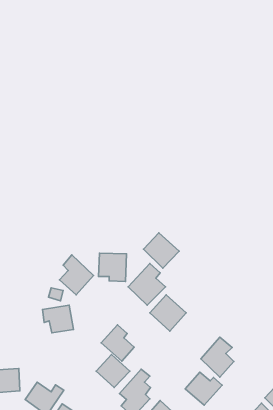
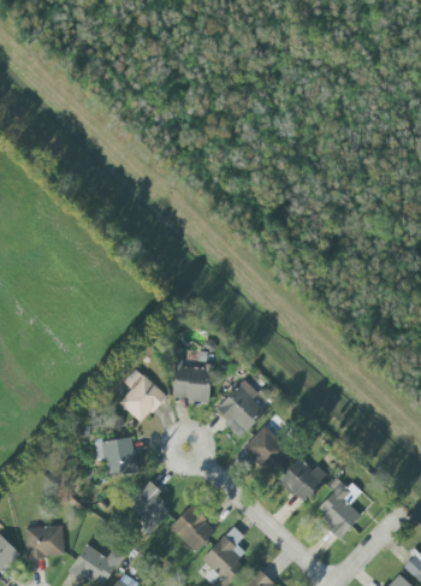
building: [143,233,179,268] -> none
building: [101,325,134,361] -> [126,479,172,529]
building: [185,372,222,405] -> [278,457,330,503]

